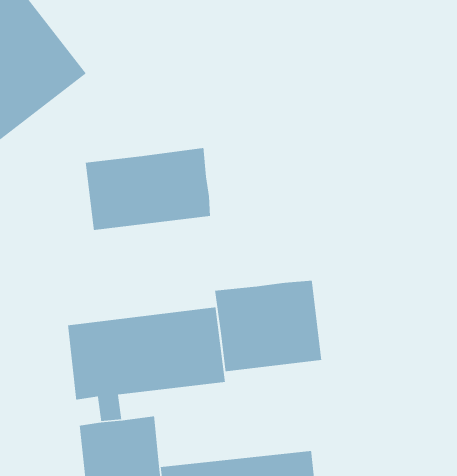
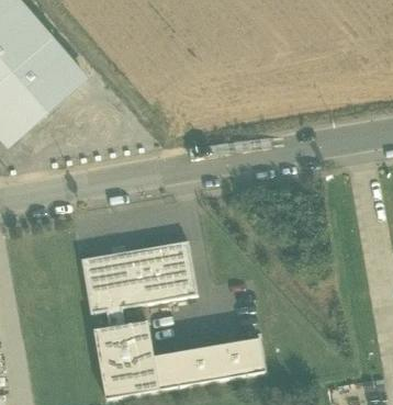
building: [85,147,211,231] -> none
building: [214,280,322,372] -> none

